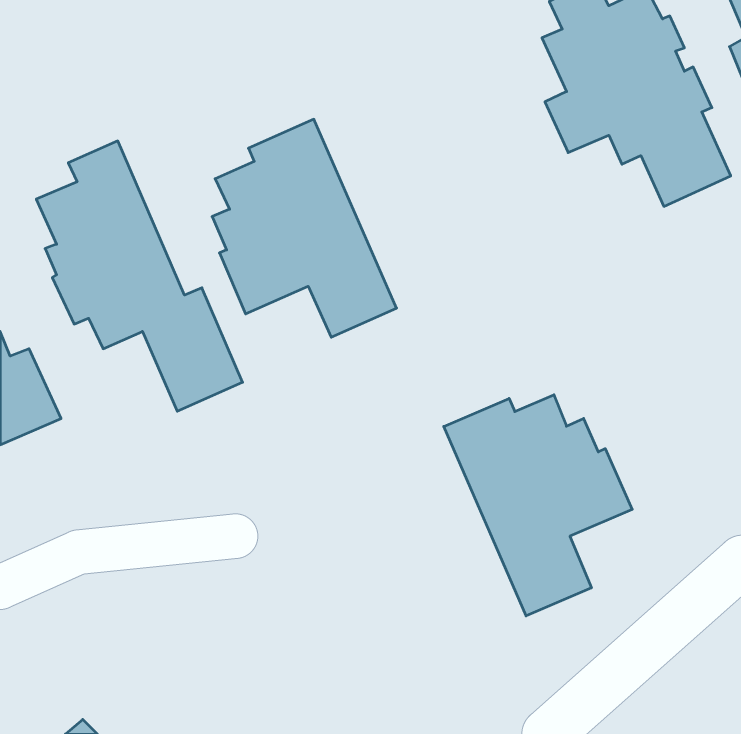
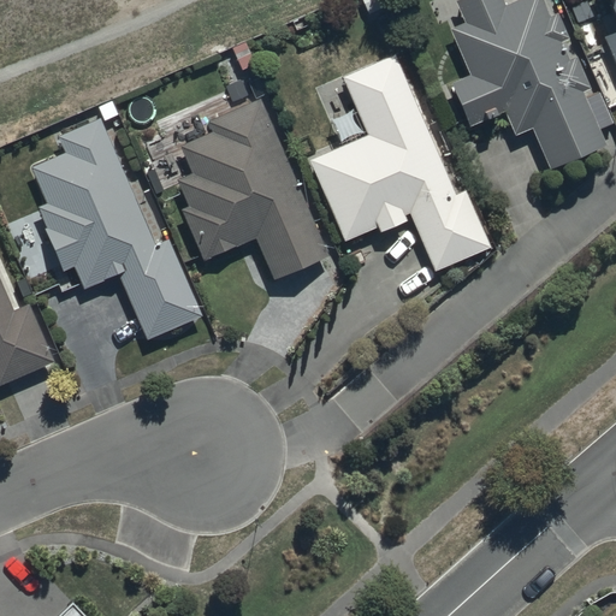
building: none -> [307,54,491,272]
building: [444,395,632,616] -> none

